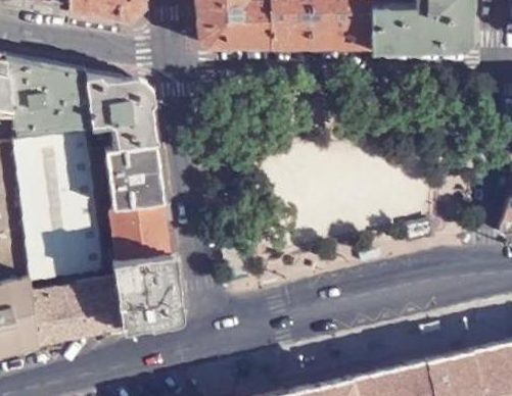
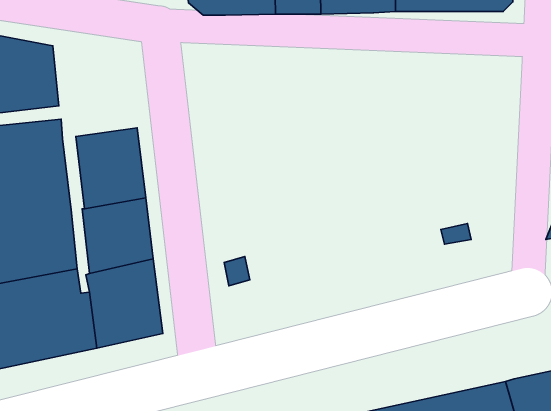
building: [86,76,156,153] -> none

